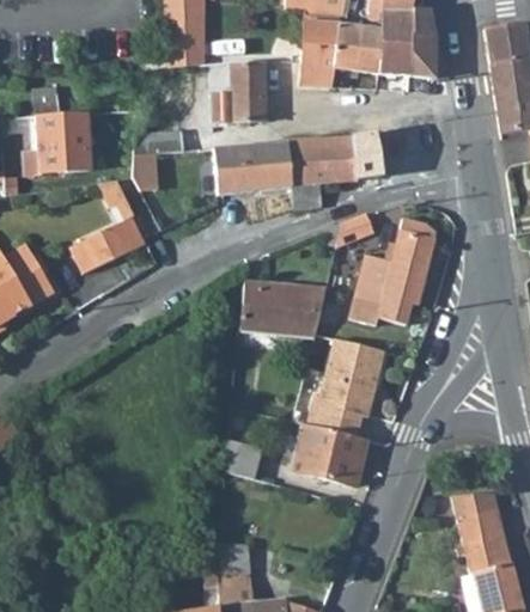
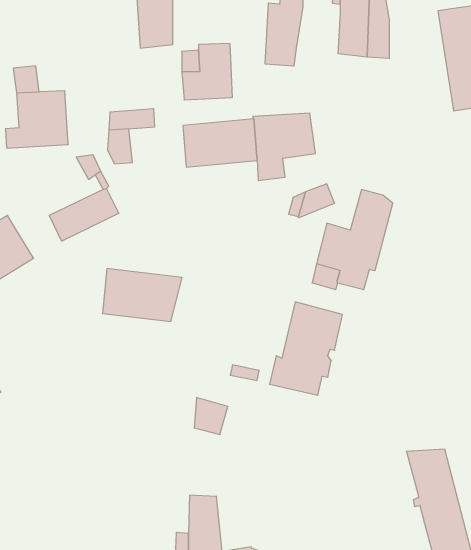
building: [334,23,380,73] -> none
building: [348,131,382,179] -> none
building: [240,281,325,337] -> [102,269,182,321]
building: [291,423,367,485] -> none

